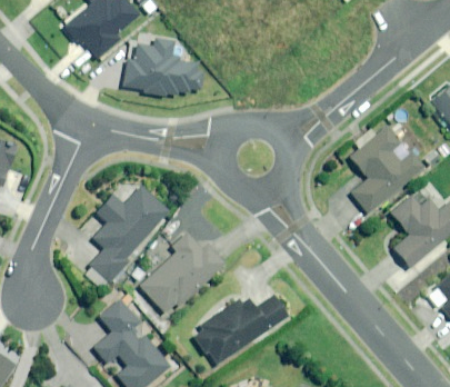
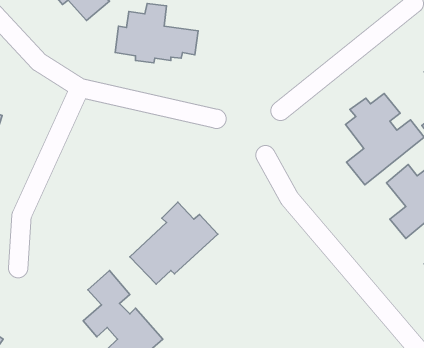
building: [86,183,169,290] -> none
building: [193,294,288,364] -> none

